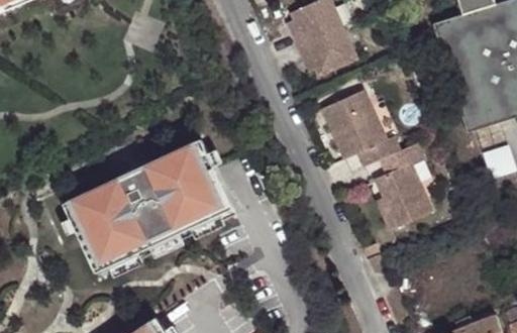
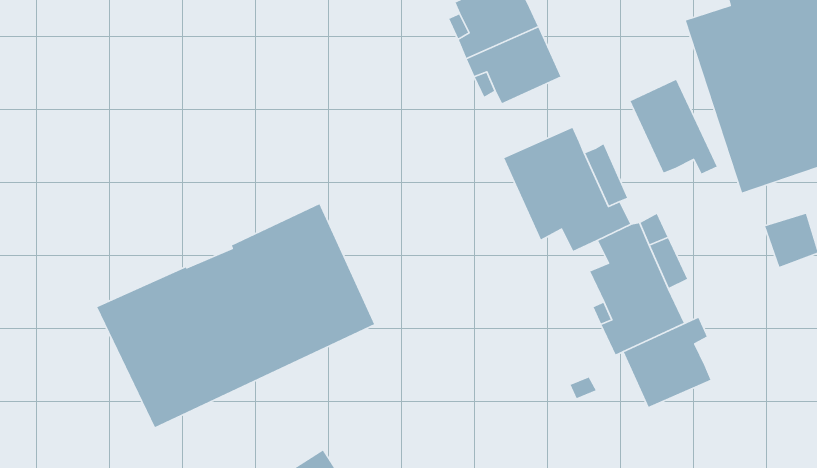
building: none -> [630,79,718,174]
building: none -> [623,317,711,408]

